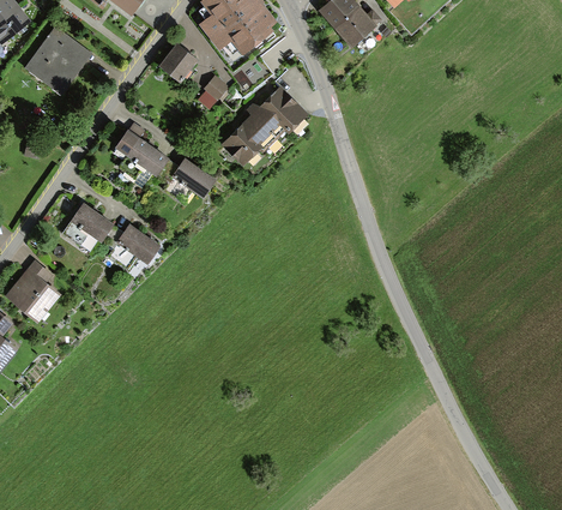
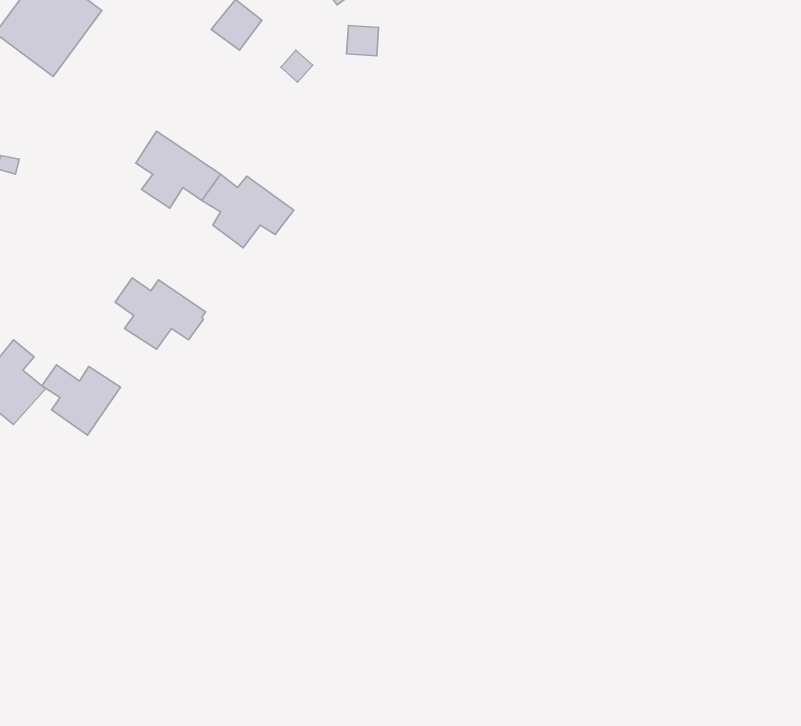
building: [222,88,304,163] -> none
building: [61,203,110,244] -> none
building: none -> [42,365,120,435]

